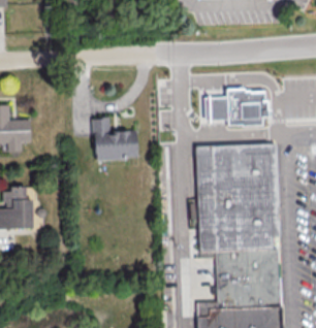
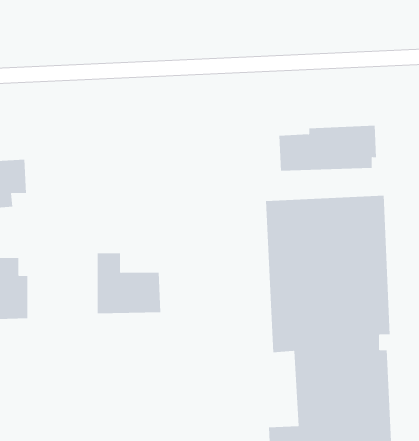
building: [92,117,136,159] -> [97,253,161,314]

